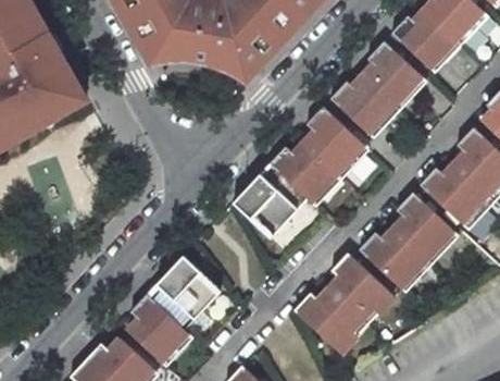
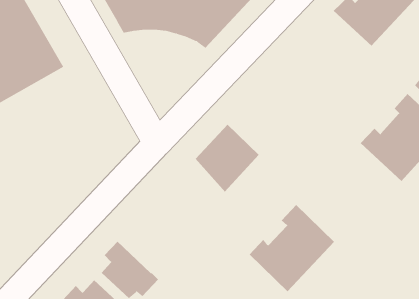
building: [328,42,425,140] -> none
building: [271,108,366,207] -> none
building: [360,192,457,290] -> none
building: [147,255,221,330] -> none

